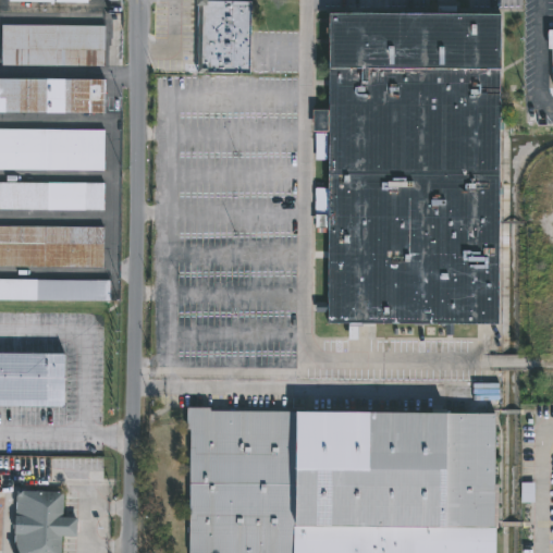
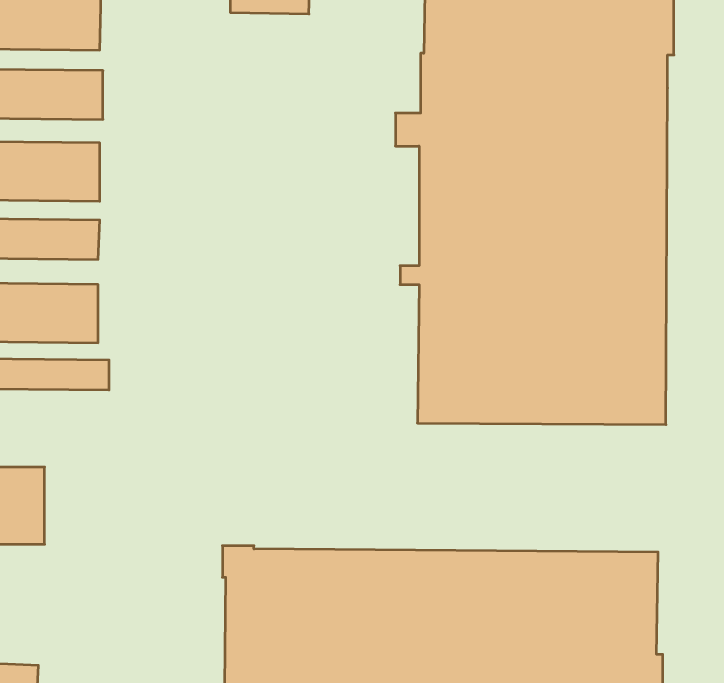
building: [196,39,250,73] -> none

